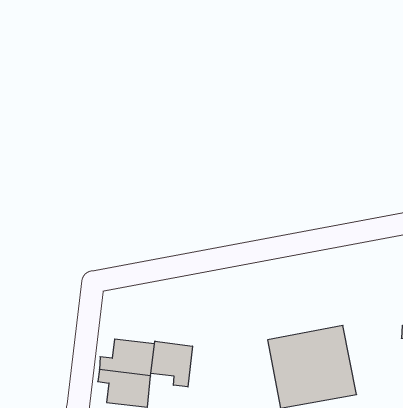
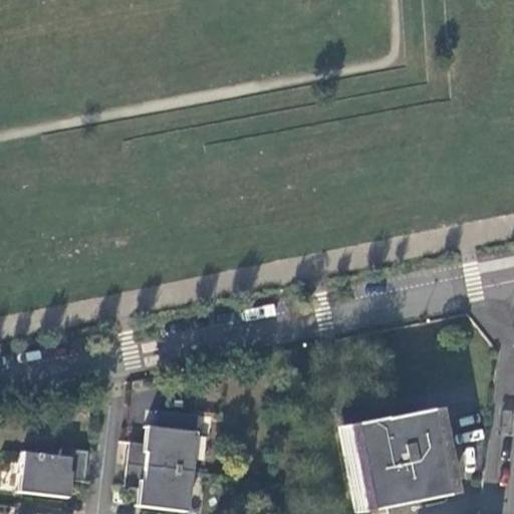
building: [151,341,192,387] -> none
building: none -> [23,451,92,497]

